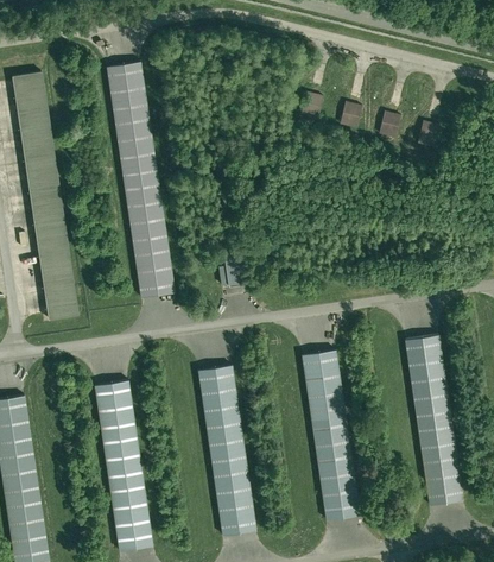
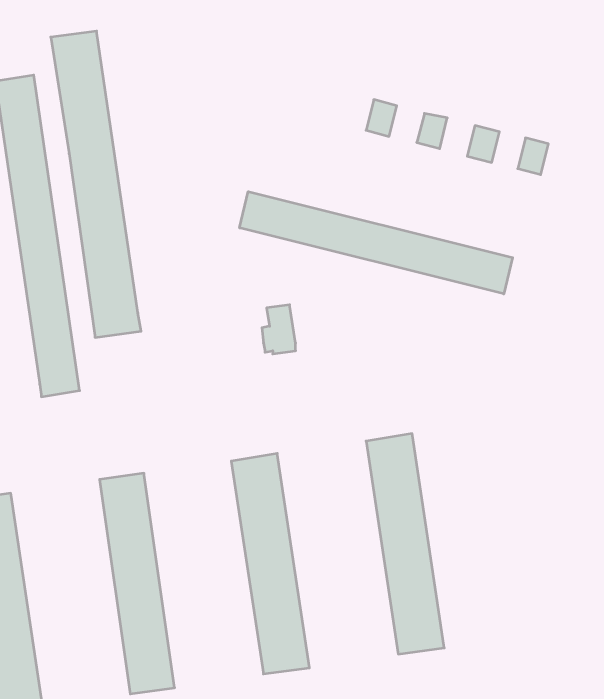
building: [106,62,176,299] -> [51,31,141,337]
building: none -> [240,192,513,294]
building: [405,335,464,506] -> none

